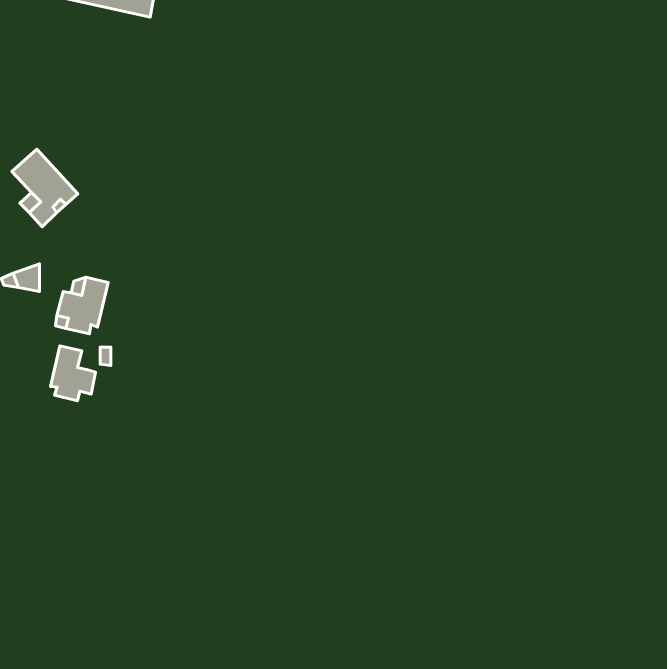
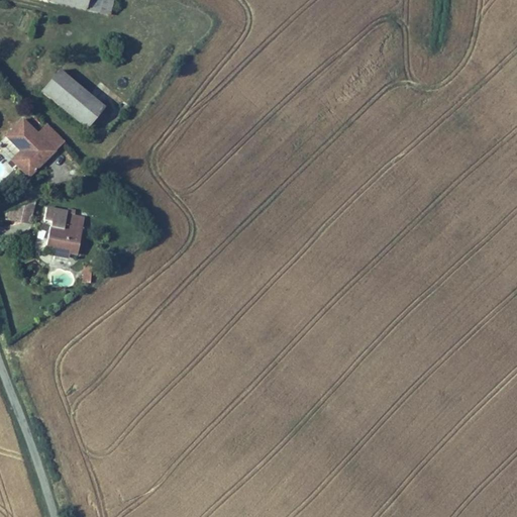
building: none -> [45,67,107,124]
building: [50,346,95,401] -> none

